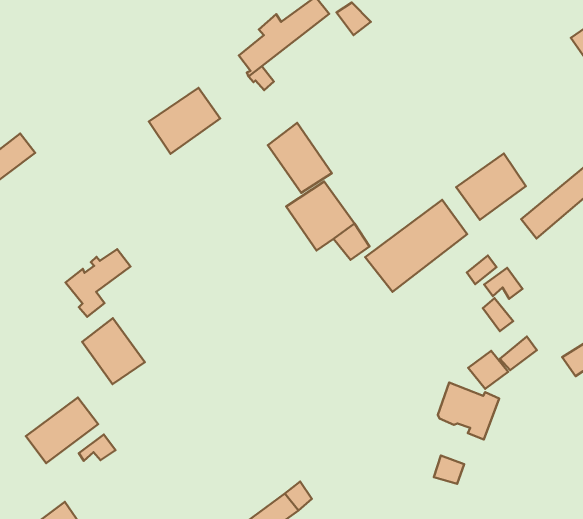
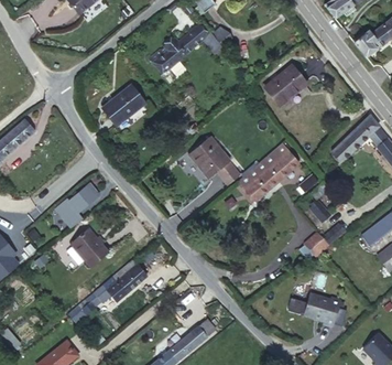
building: [268,123,332,193] -> none
building: [456,154,526,220] -> [264,65,306,106]
building: [438,383,499,440] -> [304,293,340,326]
building: [26,397,98,463] -> [104,260,146,301]

